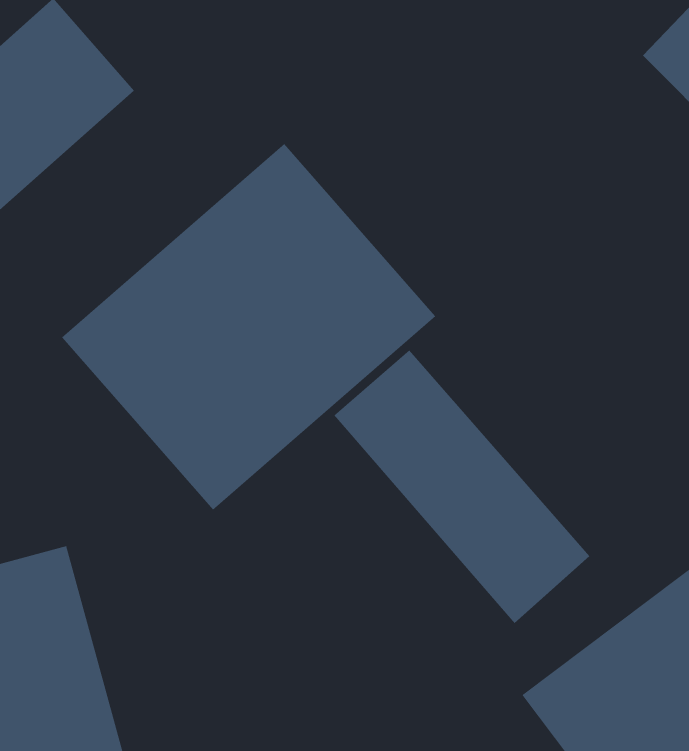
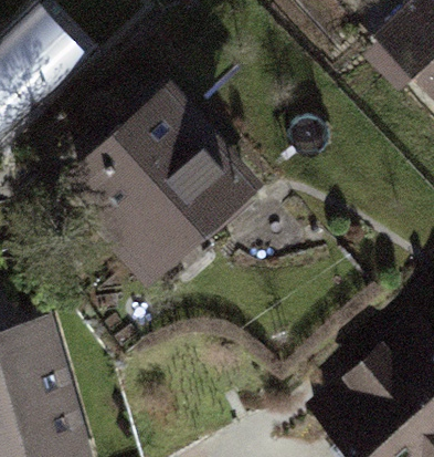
building: [334,349,590,624] -> none

